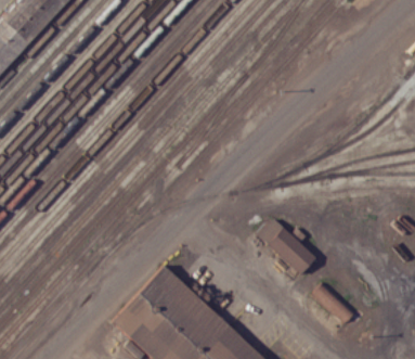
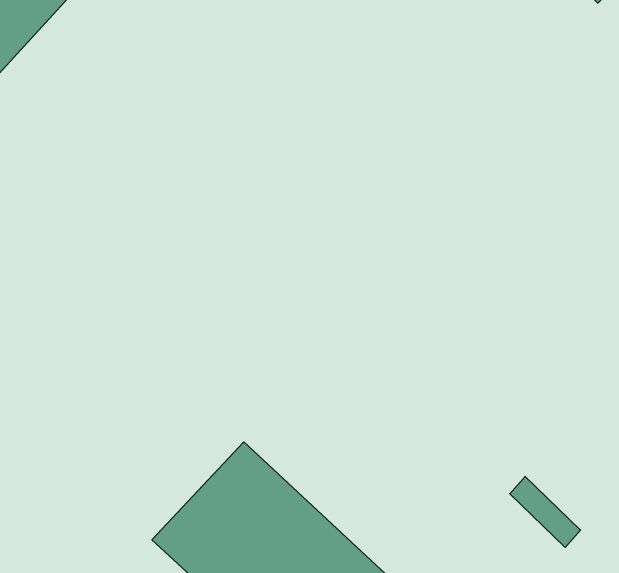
building: [259,219,316,274] -> none

